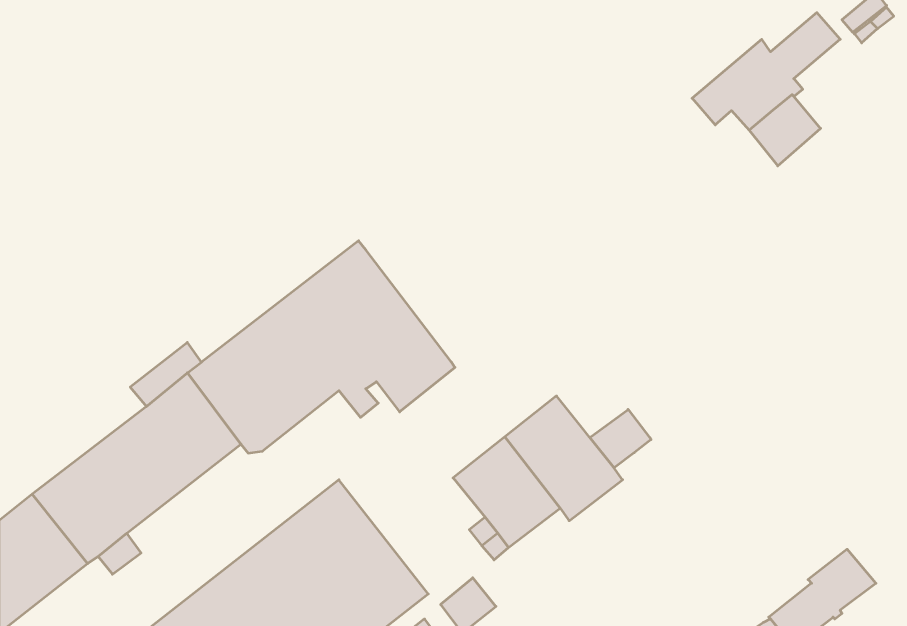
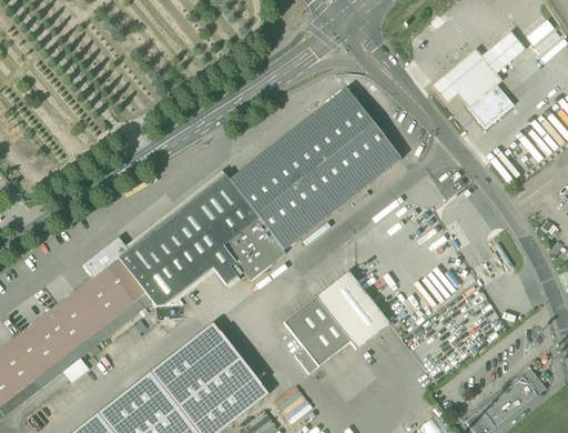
building: none -> [230,89,400,250]
building: [590,409,651,468] -> none

